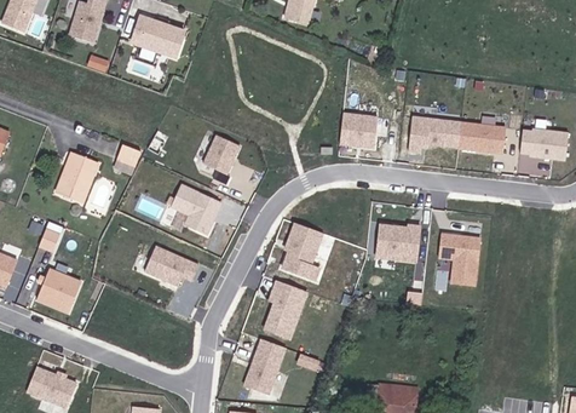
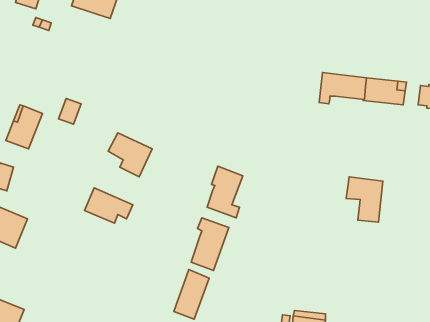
building: [339,113,378,148] -> none
building: [202,134,240,174] -> none
building: [376,224,419,262] -> none

